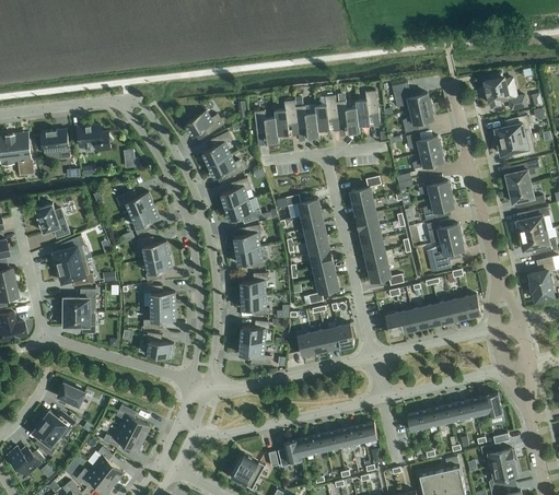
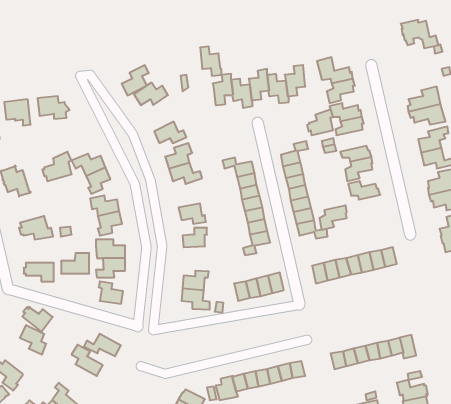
building: [484,78,526,109] -> [401,20,439,48]
building: [254,110,278,143] -> [200,47,221,76]
building: [201,131,232,165] -> [122,65,149,95]
building: none -> [307,109,333,135]
building: [233,225,260,250] -> none
building: [51,235,84,268] -> [42,152,72,181]
building: [432,236,463,263] -> [319,205,347,230]
building: [63,290,95,313] -> [61,253,89,274]
building: [241,294,269,316] -> none
building: [40,411,74,439] -> [22,307,53,332]
building: [102,426,143,451] -> [84,334,121,356]

